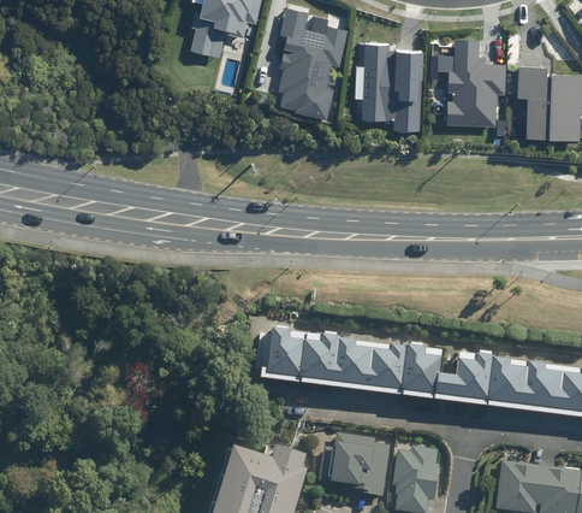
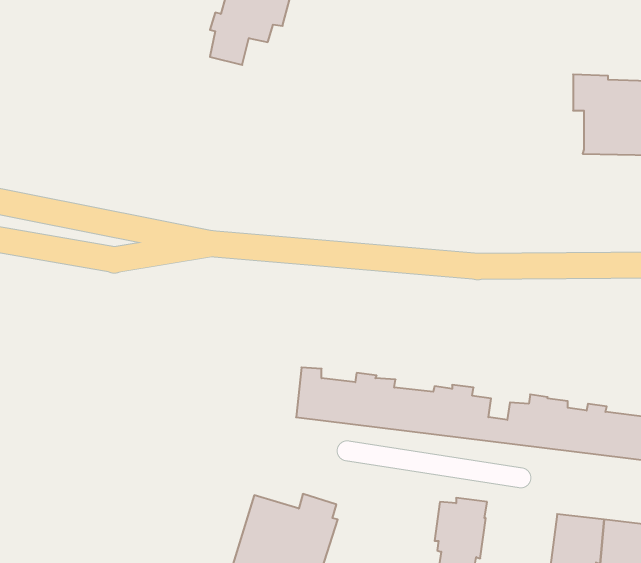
building: [279,8,349,122] -> none
building: [357,39,428,136] -> none
building: [437,40,506,128] -> none
building: [320,434,390,496] -> none

